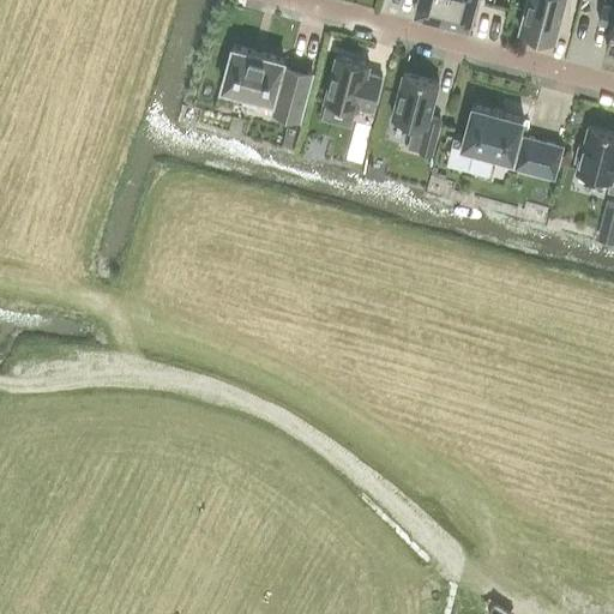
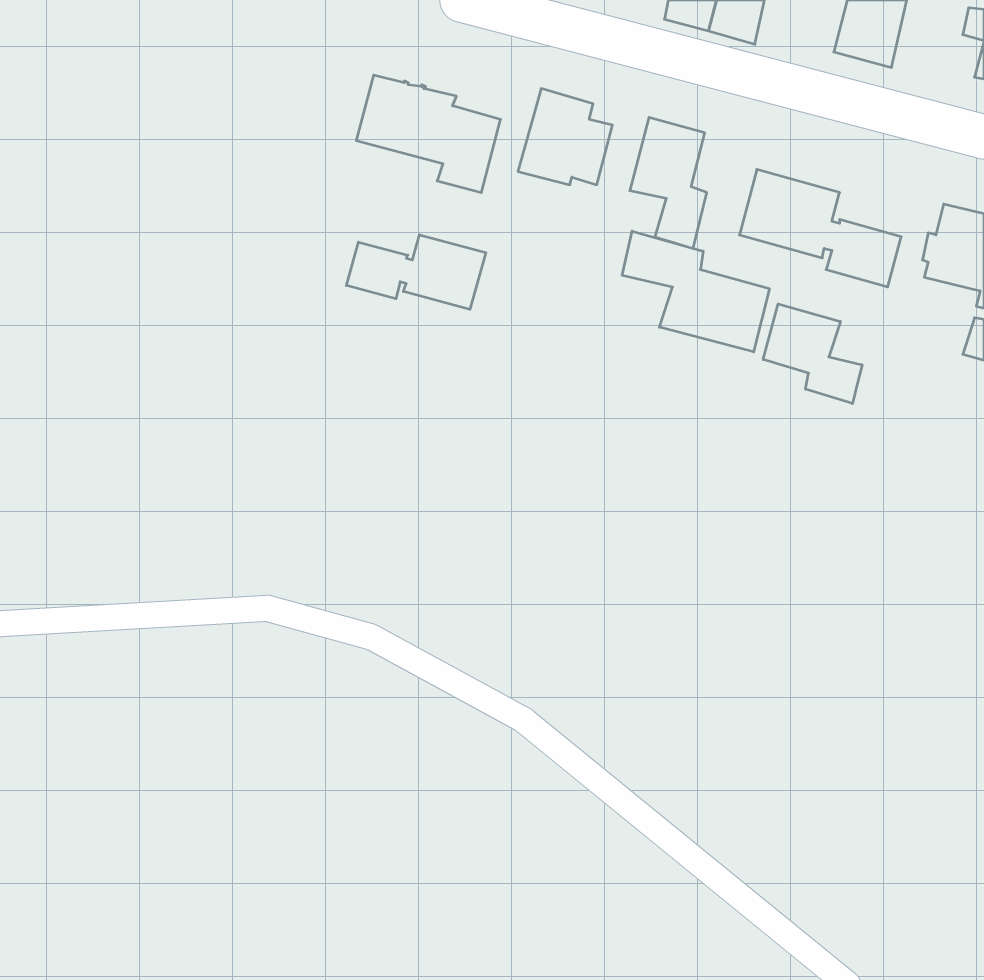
building: none -> [622,231,769,352]
building: none -> [346,235,486,309]
building: none -> [763,304,862,404]

